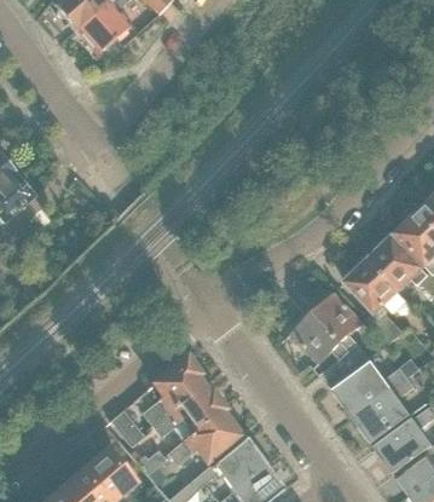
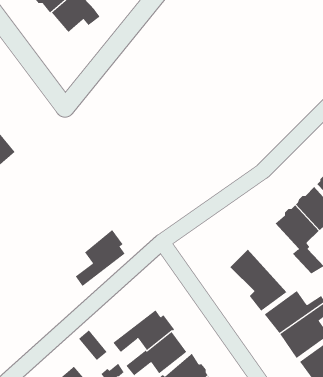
building: [312,290,368,363] -> none
building: [141,354,202,423] -> [75,229,125,287]

